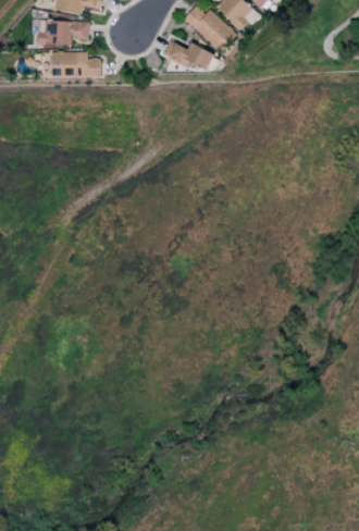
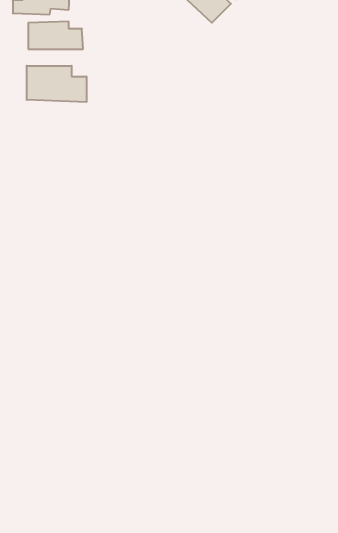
building: [162,39,213,71] -> none
building: none -> [27,66,86,102]

